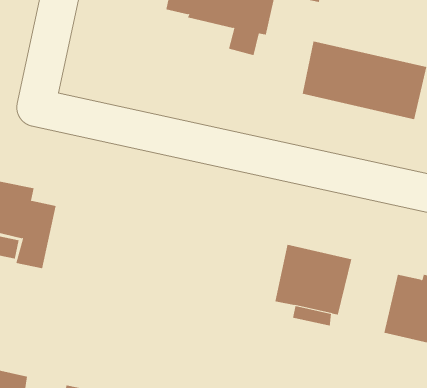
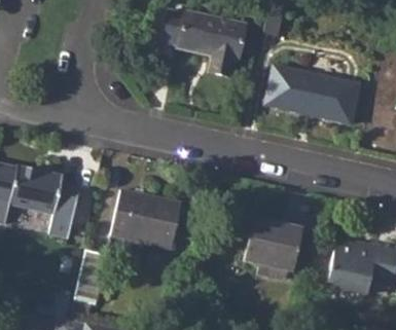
building: none -> [74,189,181,304]

